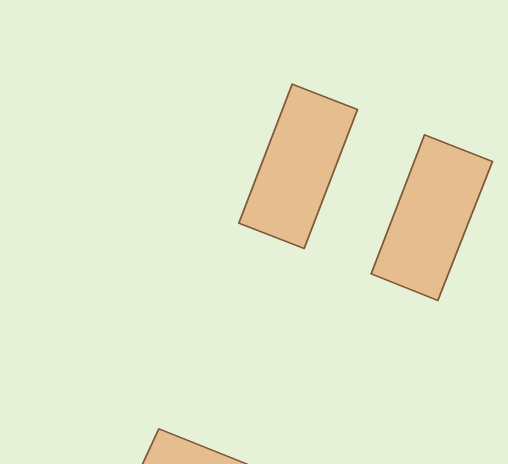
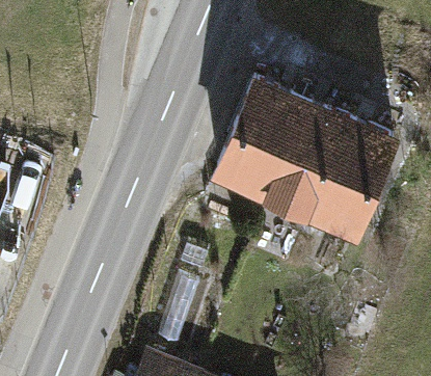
building: none -> [260,98,353,225]

